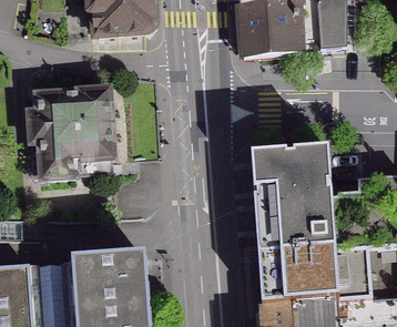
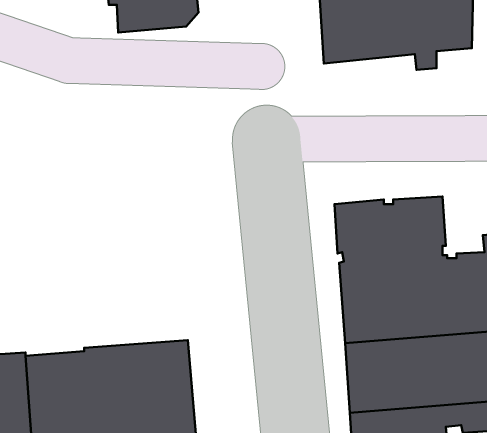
building: [29,86,114,178] -> none

